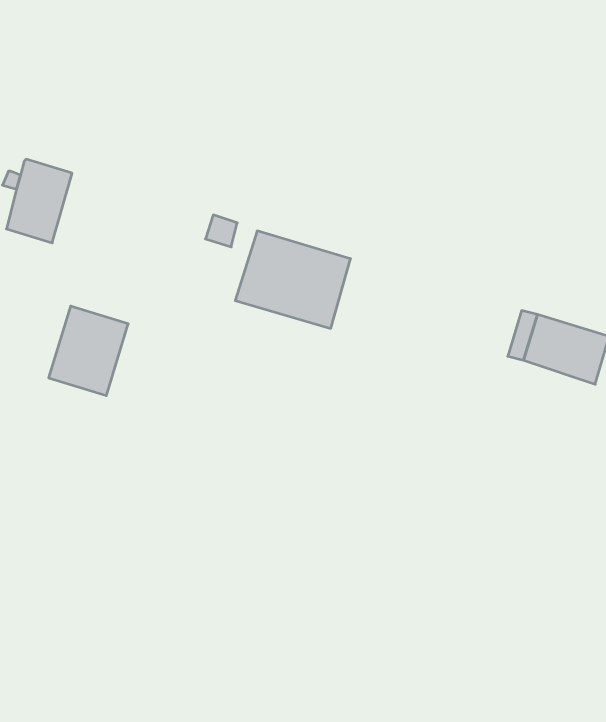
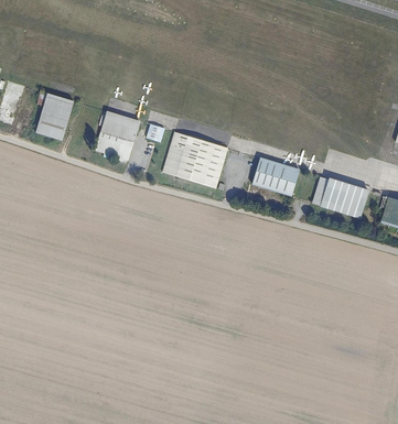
building: none -> [252,157,300,195]
building: [49,306,128,396] -> [96,110,140,160]

